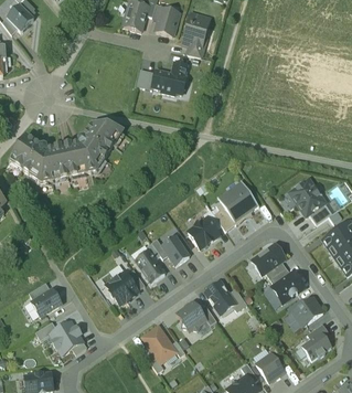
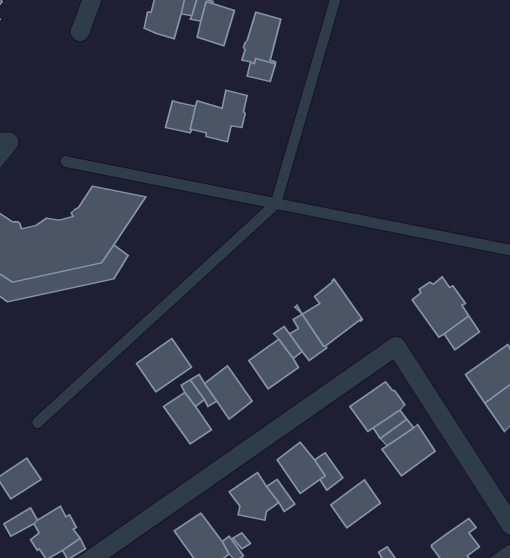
building: [104,272,138,305] -> [136,339,191,392]
building: [291,296,322,326] -> [331,480,381,528]

